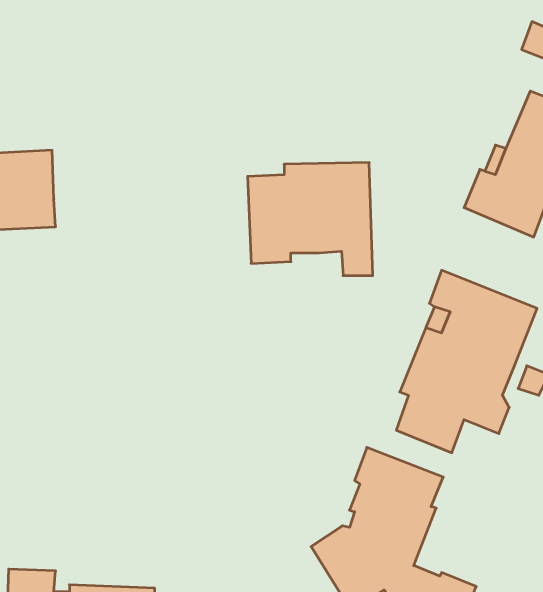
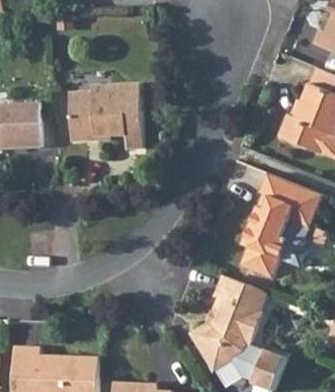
building: [248,163,373,276] -> [69,83,142,149]

